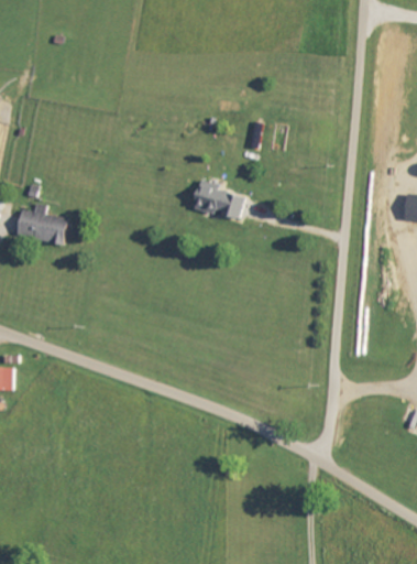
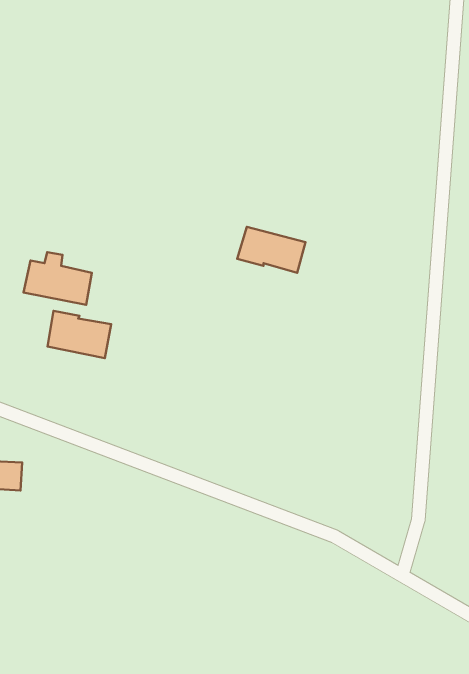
building: none -> [48,311,111,358]

